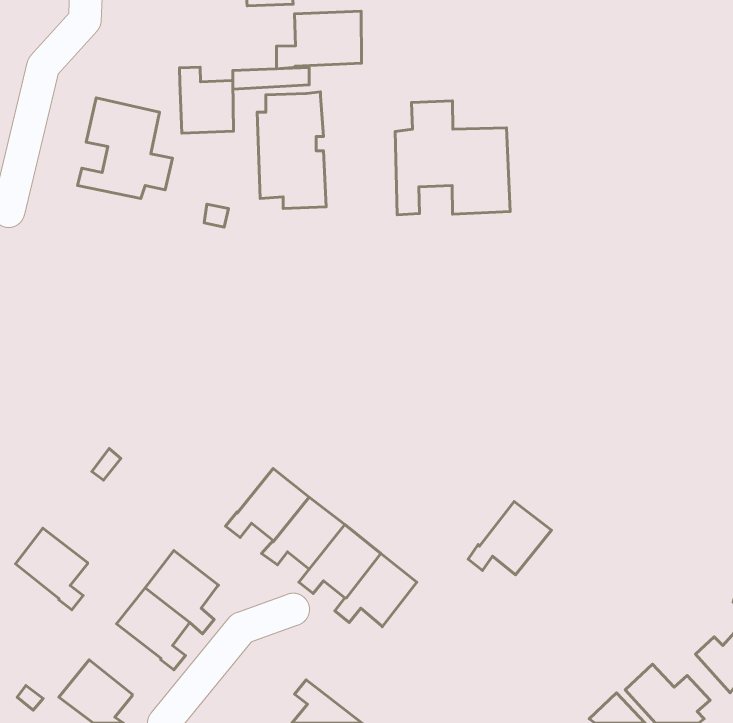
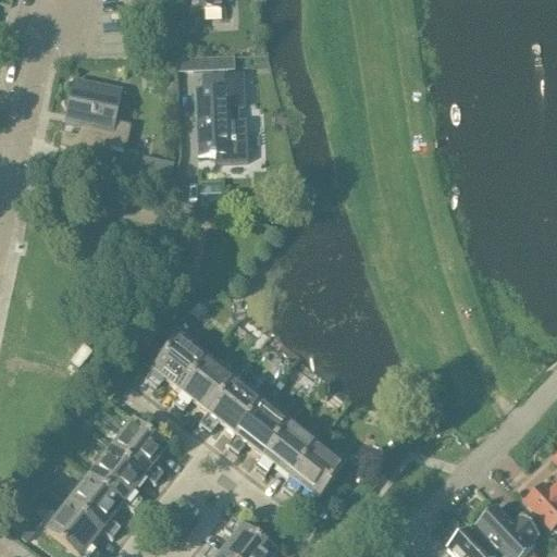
building: [276,11,362,69] -> none
building: [179,67,234,133] -> none
building: [395,101,510,215] -> none
building: none -> [144,332,208,388]
building: [468,502,551,575] -> [282,441,345,496]
building: [16,528,88,610] -> [69,472,123,534]

